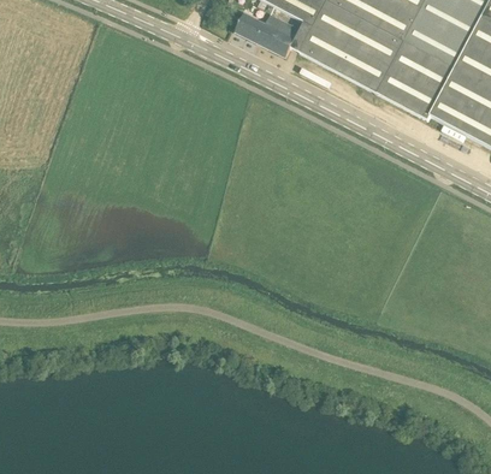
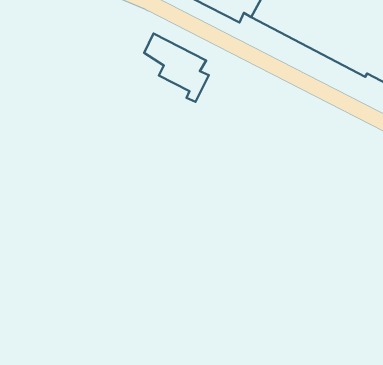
building: none -> [144,33,209,102]

